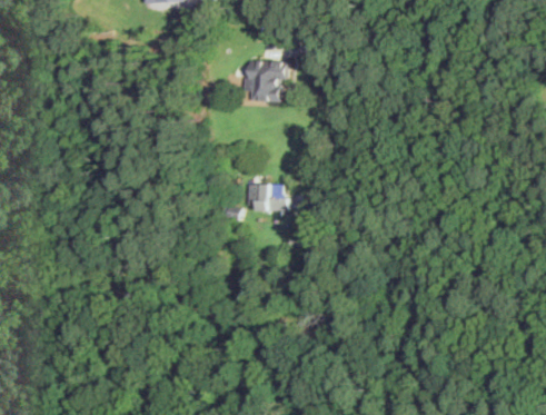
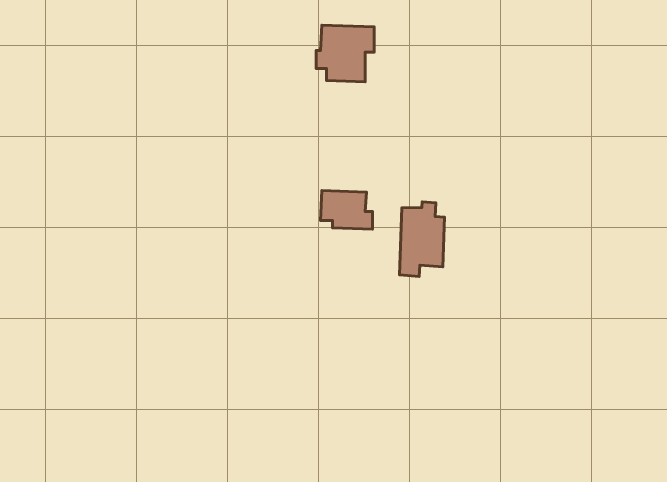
building: none -> [399,202,444,276]

